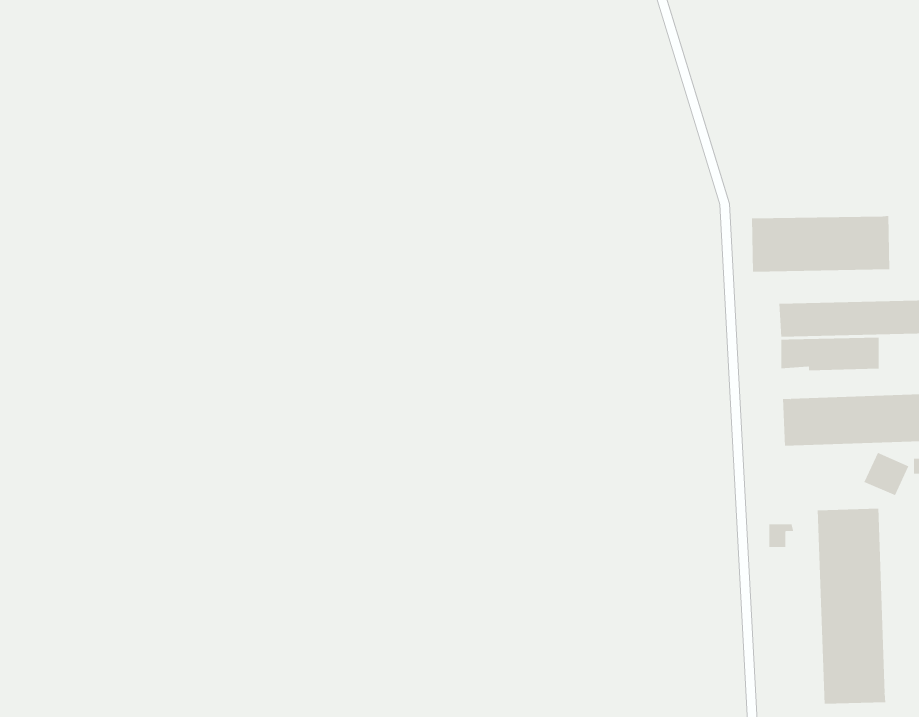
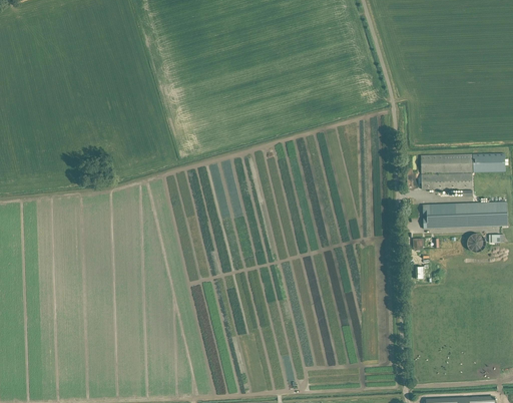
building: [752,215,890,272] -> none
building: [817,508,886,705] -> none

